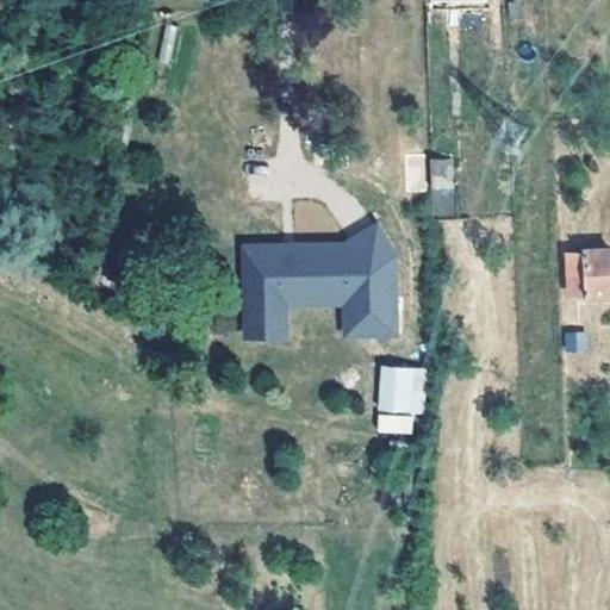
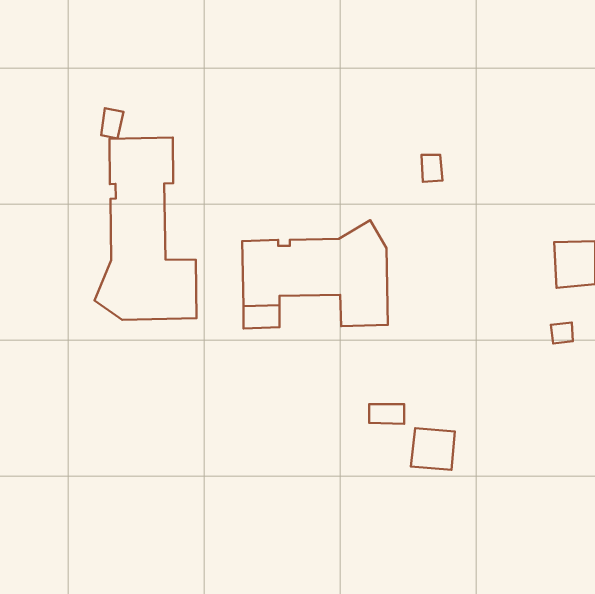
building: none -> [94,138,197,320]
building: [380,367,425,410] -> [411,428,455,470]

